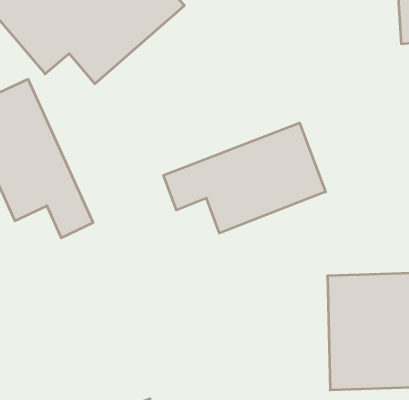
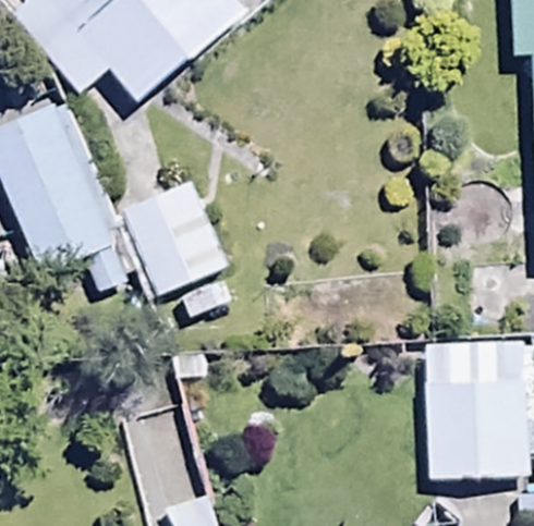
building: [164,123,326,233] -> none
building: none -> [122,179,228,296]

